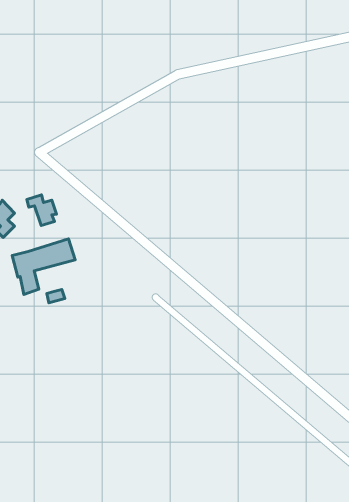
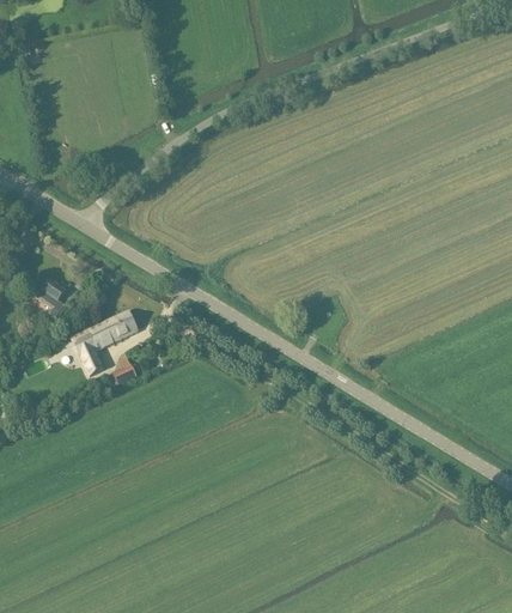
building: [27,195,57,226] -> none

